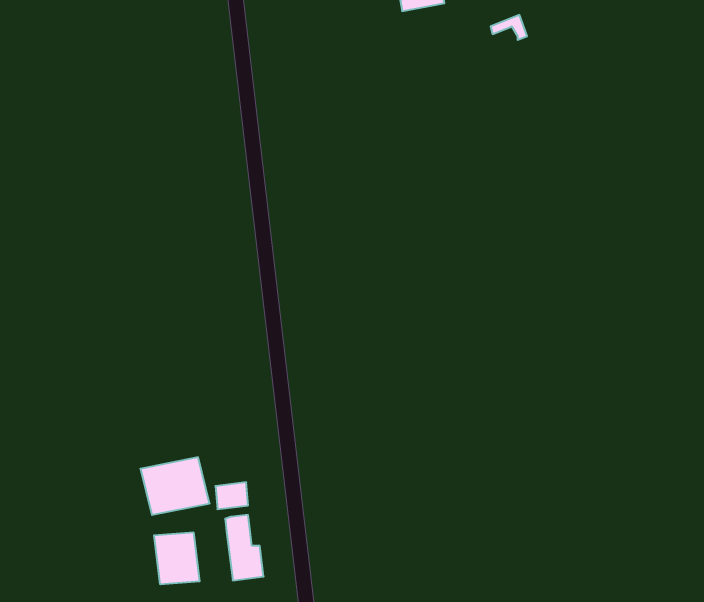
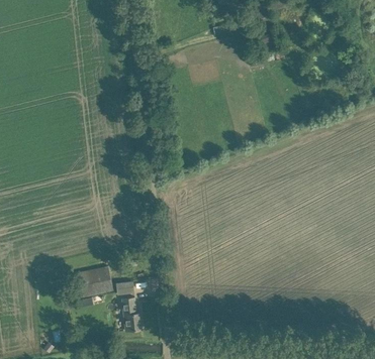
building: [154,532,200,584] -> none

